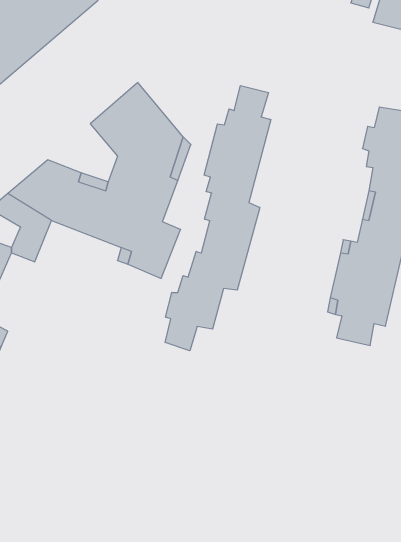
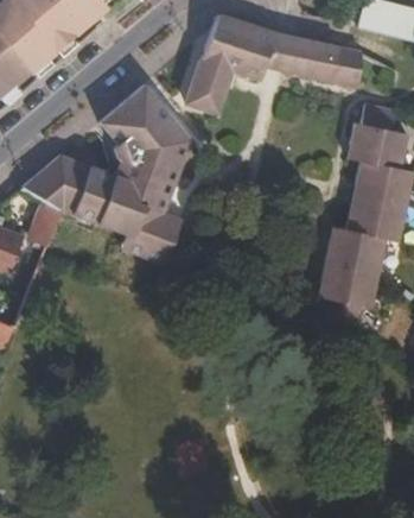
building: none -> [184,15,363,113]
building: [165,86,271,351] -> none

